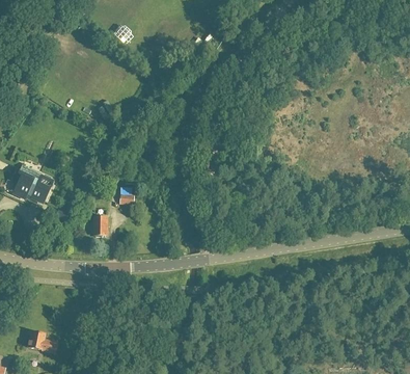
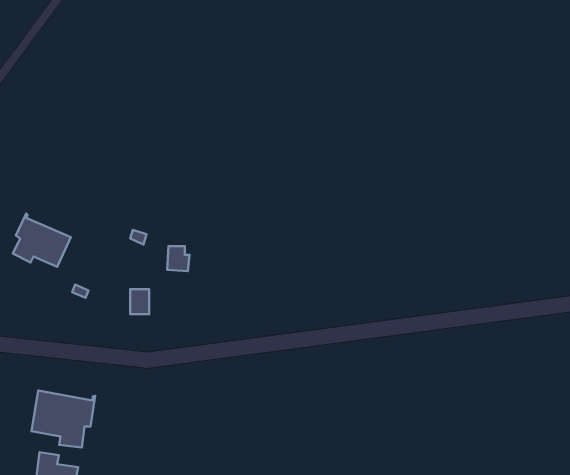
building: none -> [31,391,95,447]

